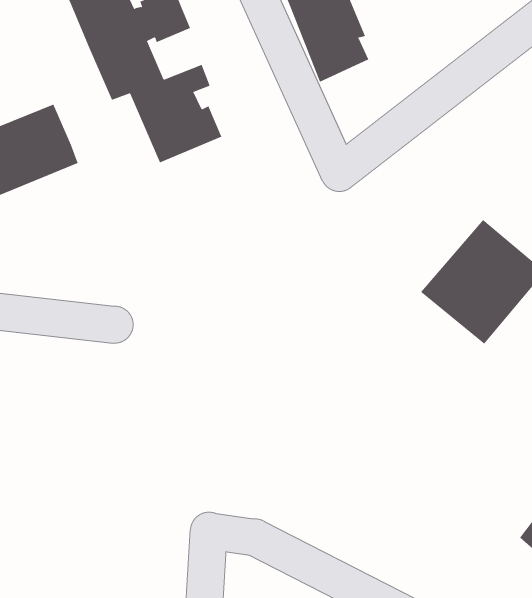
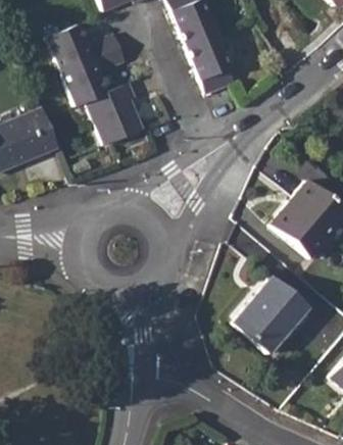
building: none -> [233,276,307,352]

